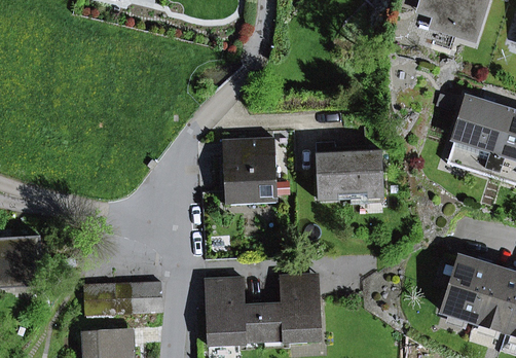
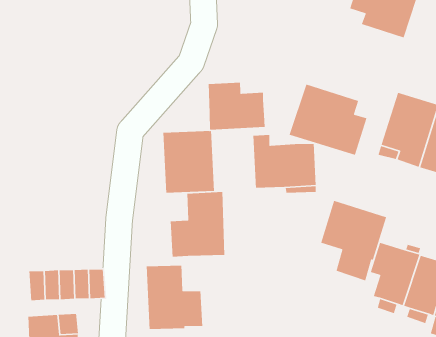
building: none -> [208,82,266,130]
building: none -> [288,84,368,156]
building: none -> [320,200,387,281]
building: [263,273,321,342] -> [170,191,225,257]

